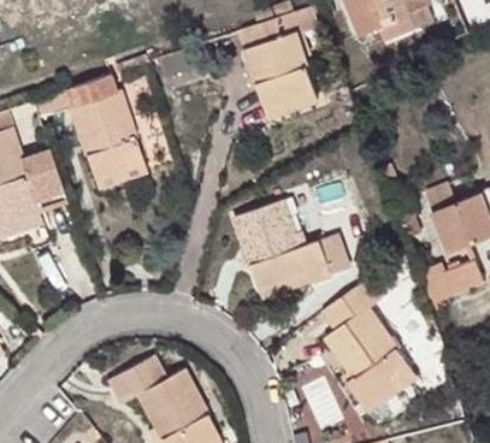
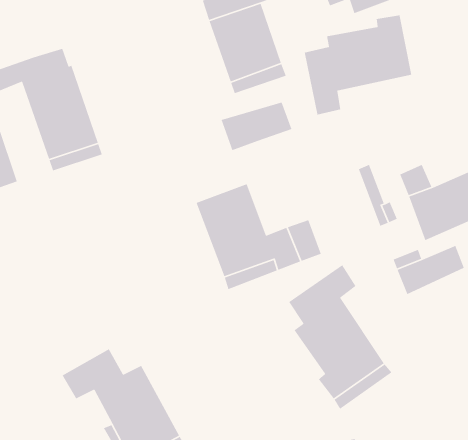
building: none -> [304,15,412,116]
building: none -> [220,101,293,151]

